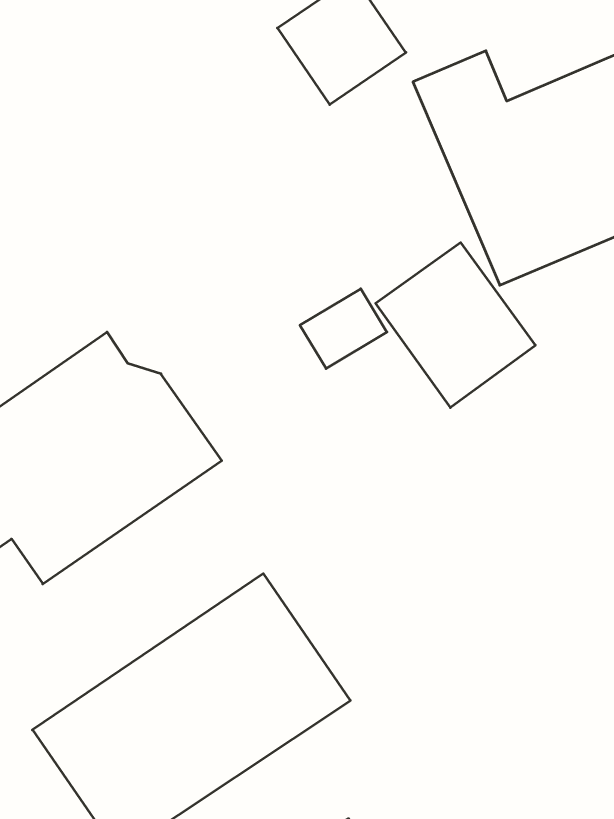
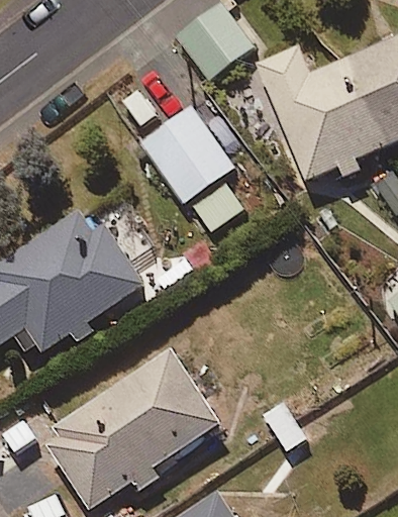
building: [376,243,535,408] -> [138,105,231,201]

